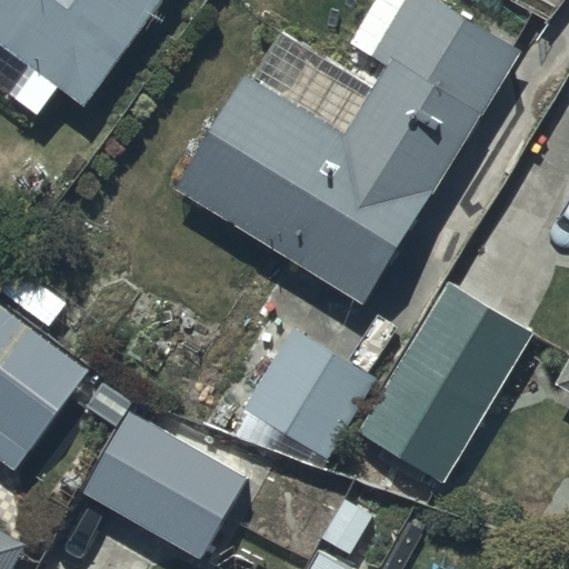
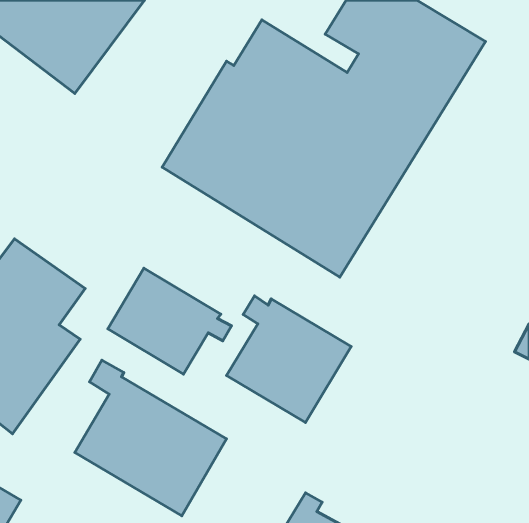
building: [360,283,533,483] -> none
building: none -> [108,268,231,374]

